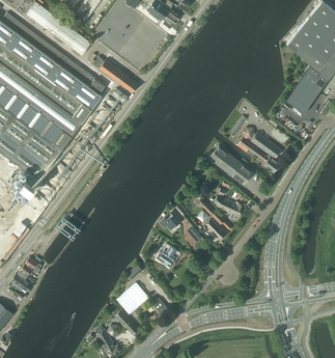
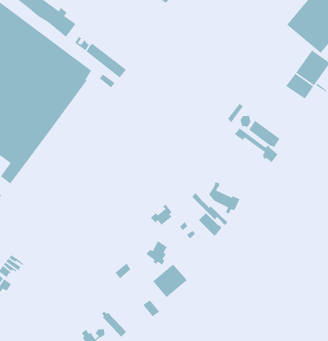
building: [212,146,253,185] -> none
building: [116,282,149,314] -> [152,263,188,298]

